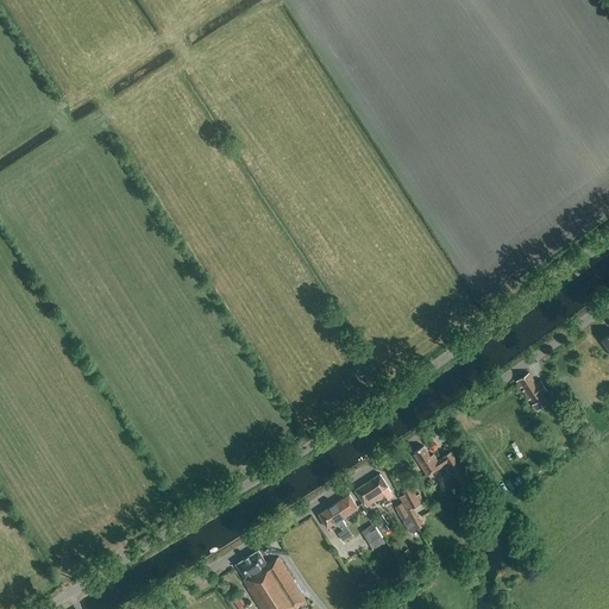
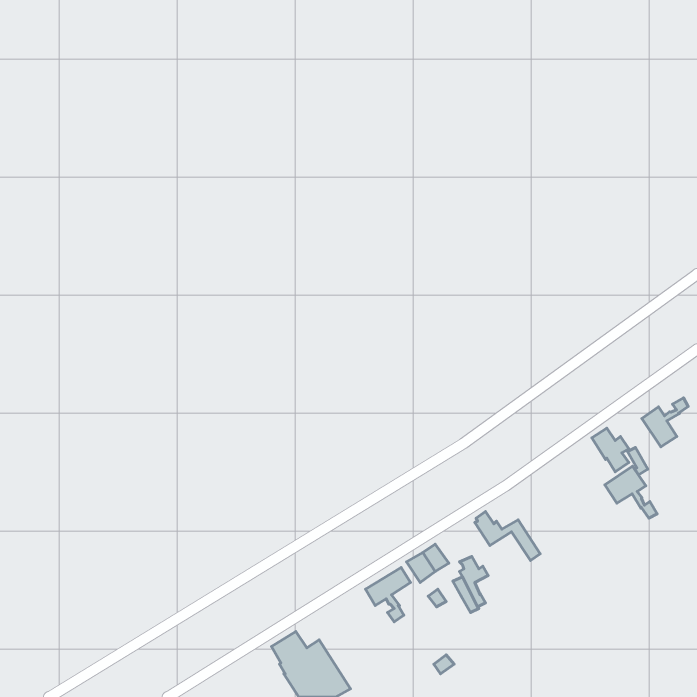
building: none -> [642,398,688,447]
building: none -> [605,466,657,518]

